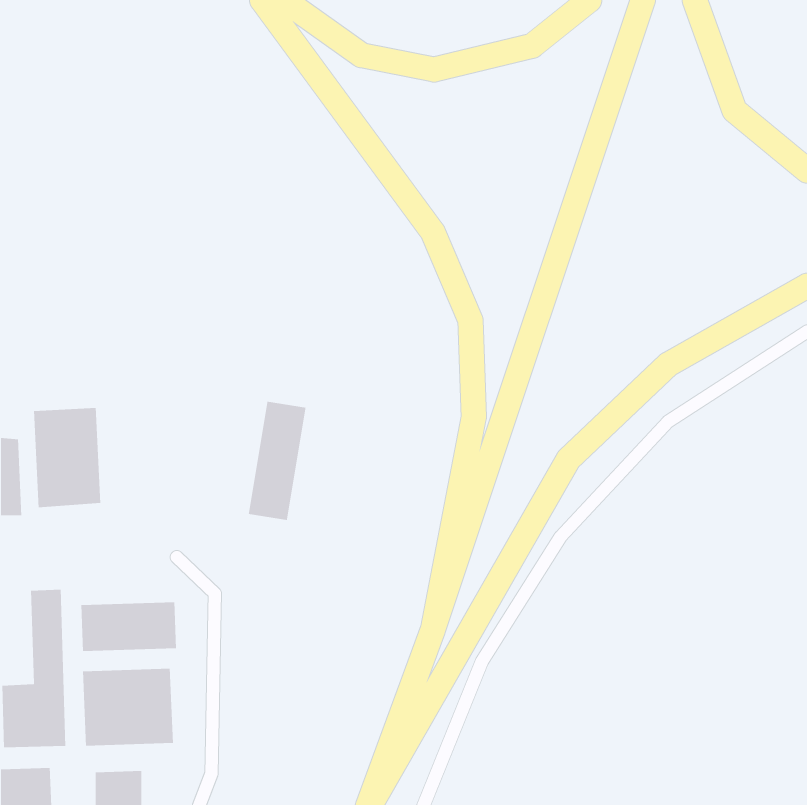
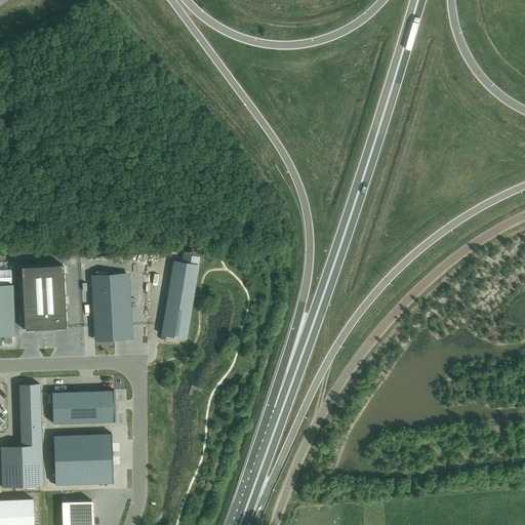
building: none -> [91,275,129,341]

